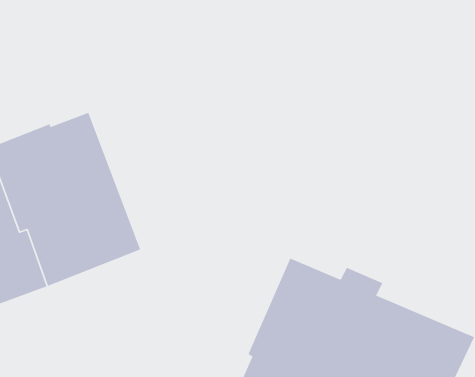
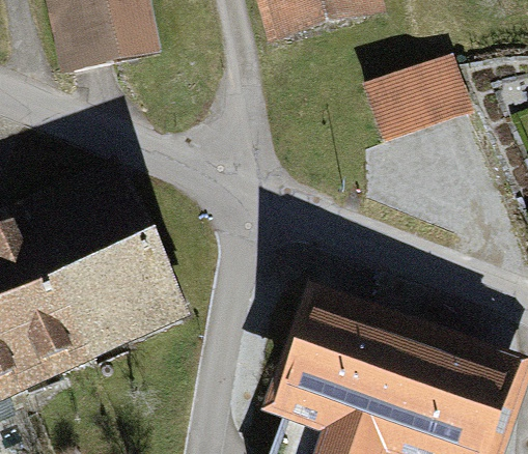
building: none -> [367,57,473,141]

